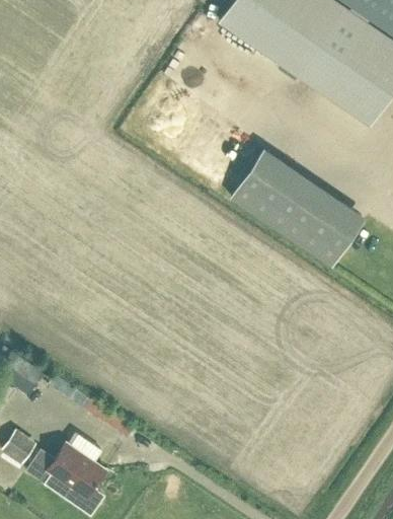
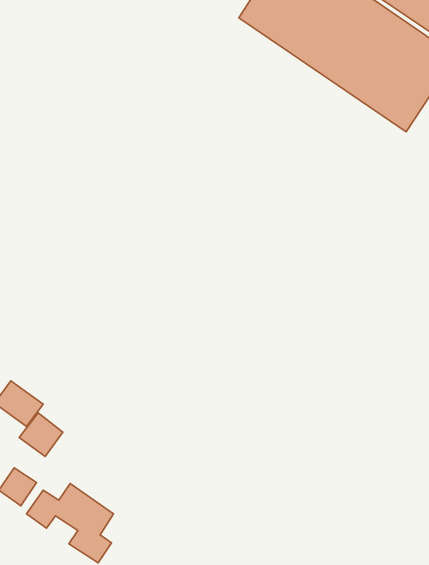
building: [223,147,360,266] -> none
building: none -> [19,413,63,456]

